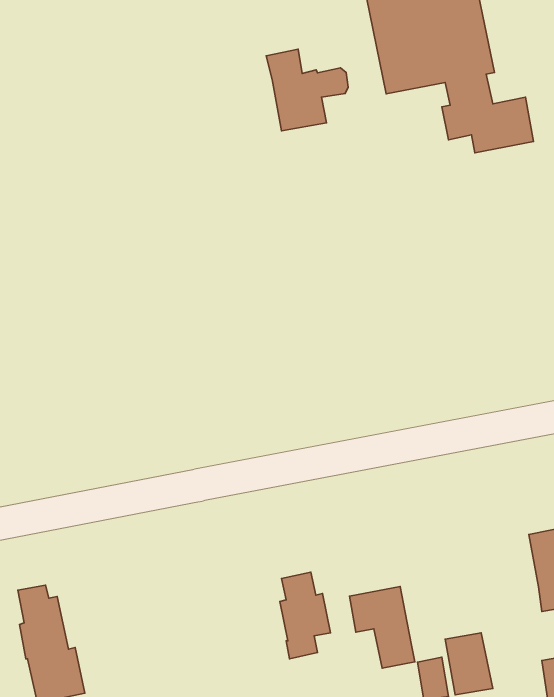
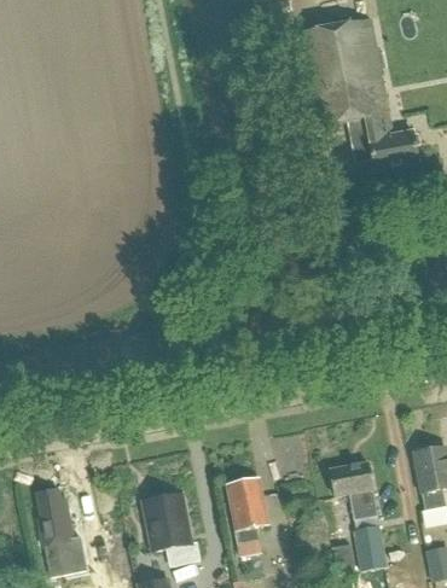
building: [266,49,348,131] -> none
building: [349,586,415,668] -> [330,461,378,522]
building: none -> [143,493,199,564]

